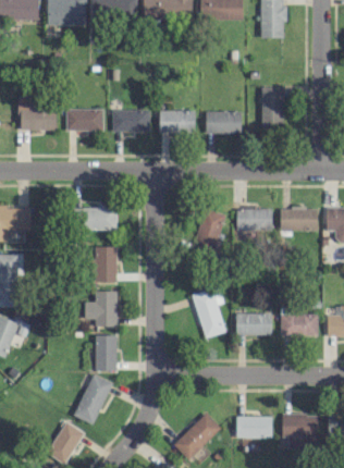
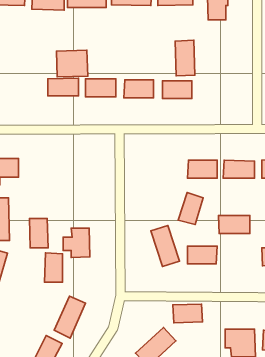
building: [260,87,284,131] -> [175,40,195,76]
building: [19,98,57,131] -> [56,50,88,77]
building: [75,208,118,231] -> none
building: [195,209,225,248] -> [178,192,203,225]
building: [95,247,118,283] -> [29,218,48,248]
building: [280,315,318,336] -> [218,215,250,233]
building: [95,335,116,371] -> [44,253,62,282]
building: [236,416,272,439] -> [173,304,203,323]

